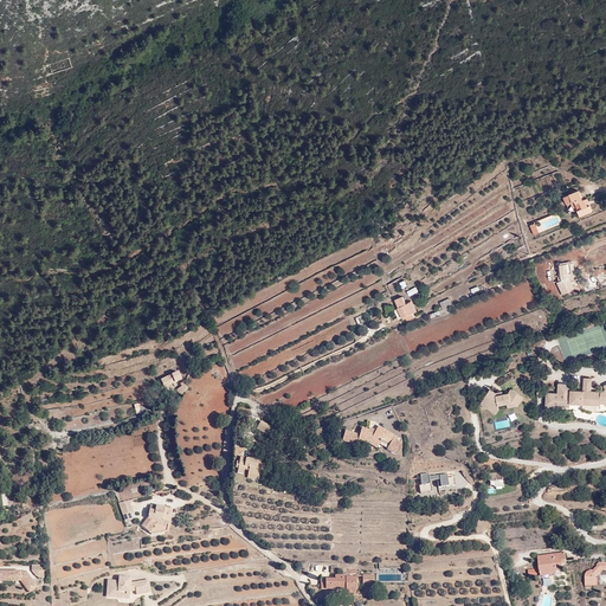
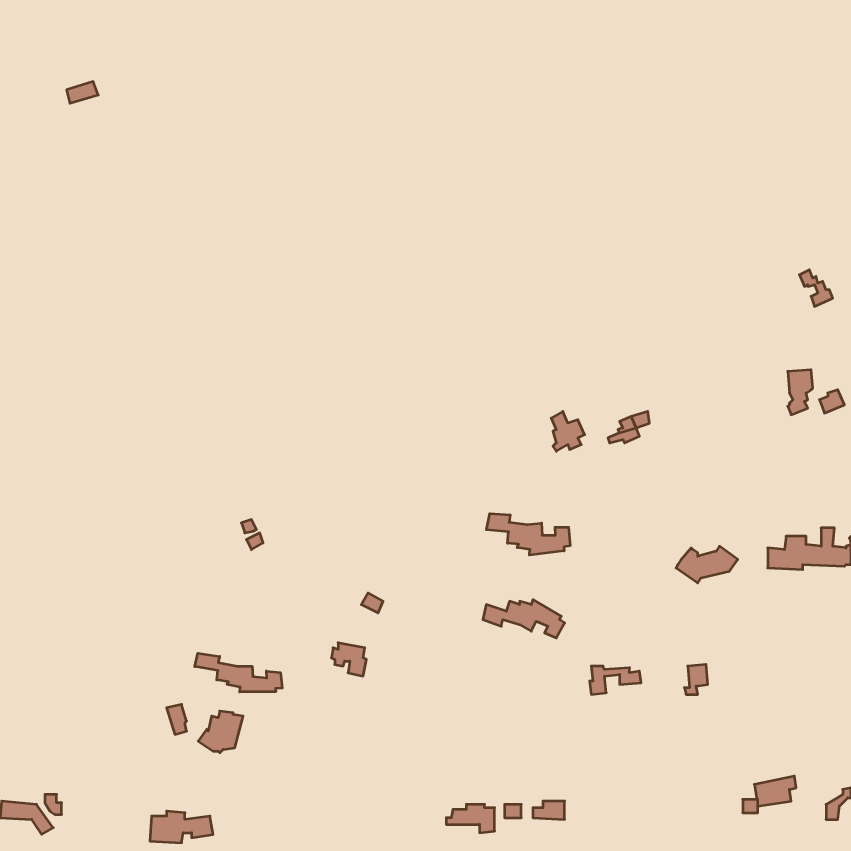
building: none -> [486,514,570,555]
building: none -> [195,653,282,692]

